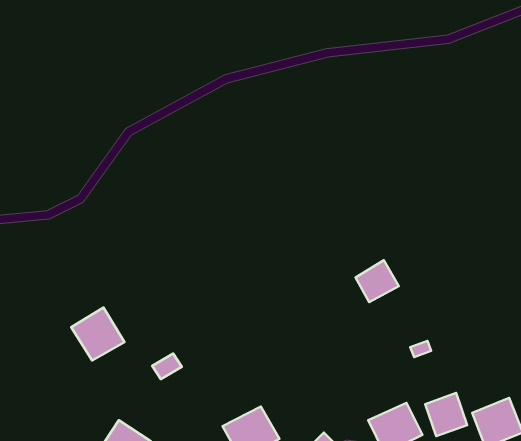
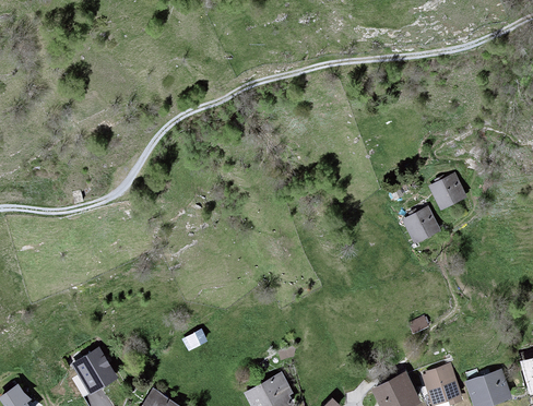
building: none -> [429,172,469,211]
building: [356,260,399,302] -> [403,207,441,244]
building: [71,307,124,361] -> [71,346,118,393]

